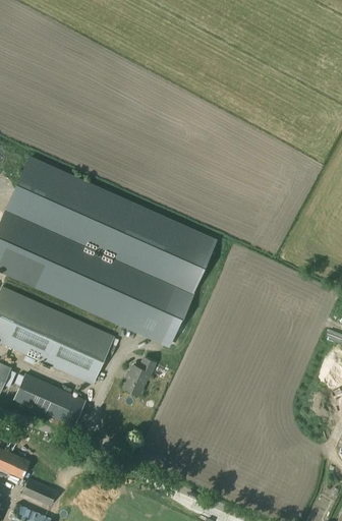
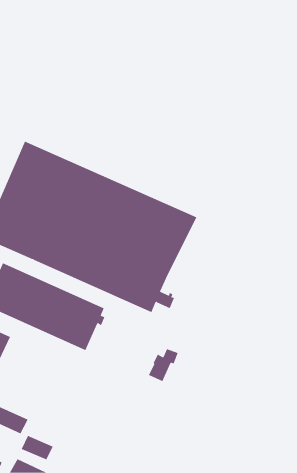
building: [125,358,159,395] -> [148,348,179,382]
building: [15,375,87,428] -> none

